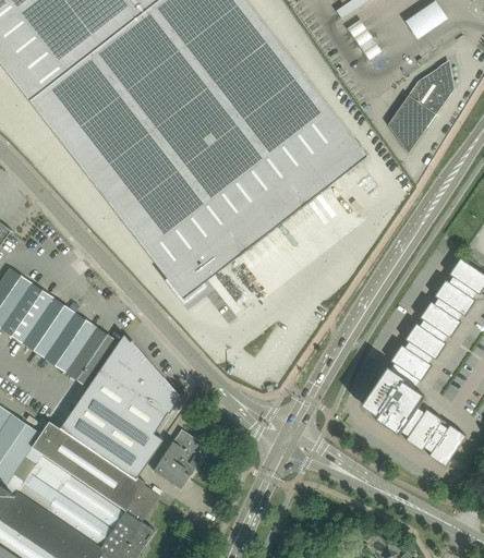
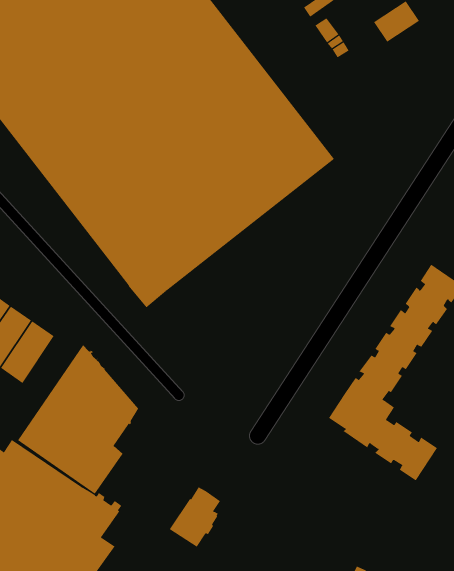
building: [387,64,452,153] -> none
building: [65,326,118,386] -> none
building: [153,428,203,487] -> [169,486,221,547]

